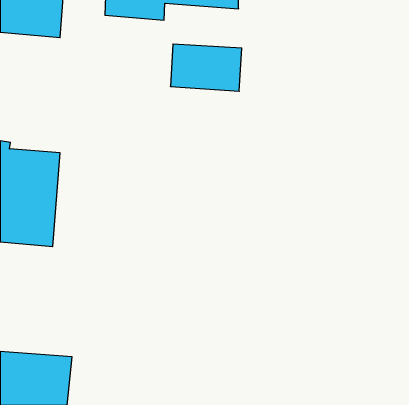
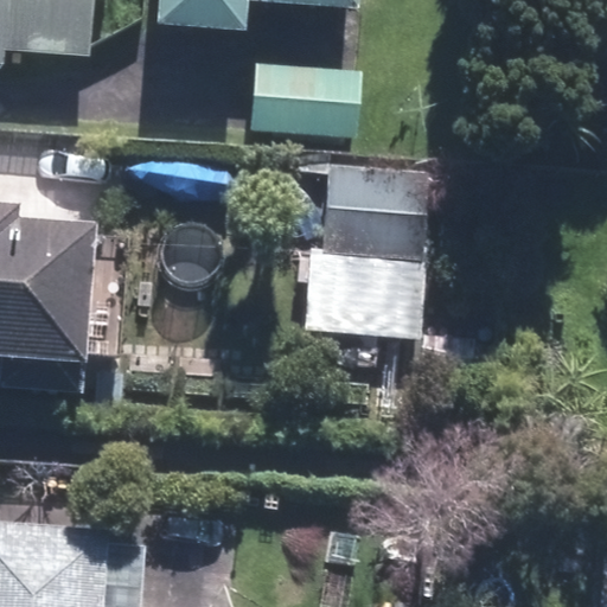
building: none -> [315,166,423,330]

